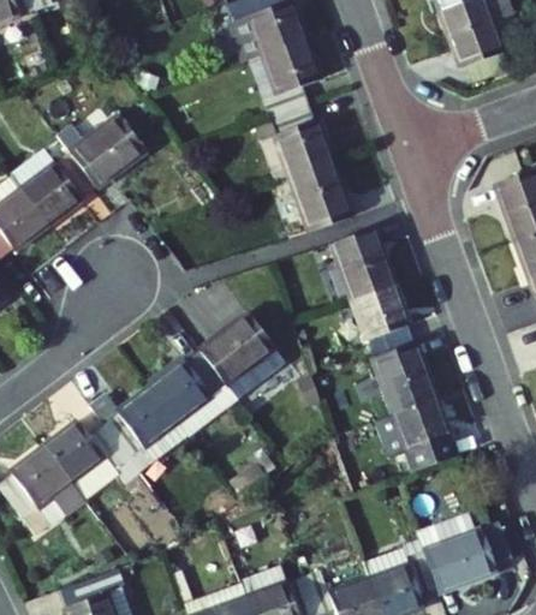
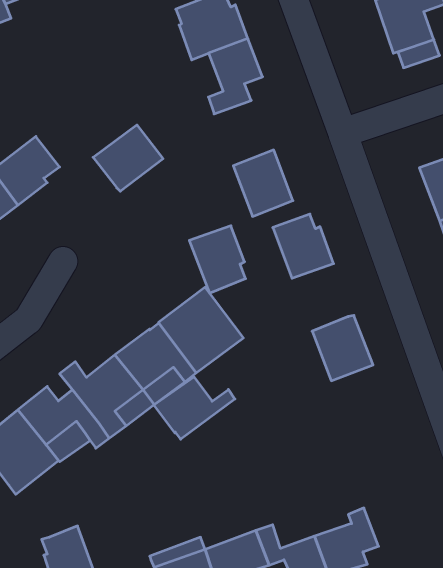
building: [264,108,328,178] -> none
building: [75,112,149,183] -> [93,125,163,191]
building: [347,282,407,354] -> [189,226,246,293]
building: [389,390,452,470] -> none
building: none -> [154,377,235,439]
building: [424,523,498,590] -> none

